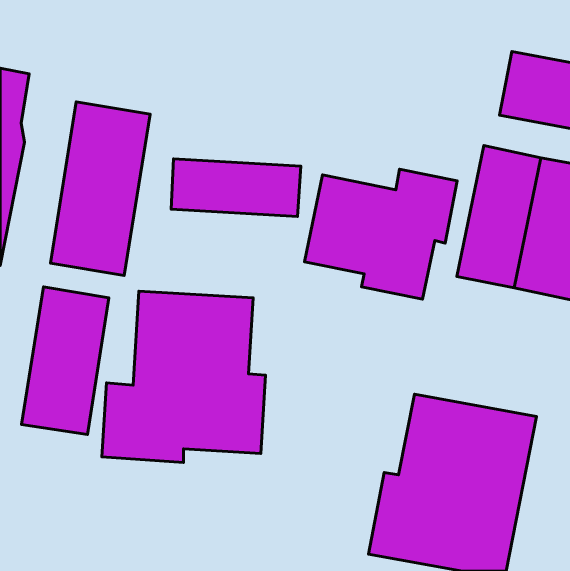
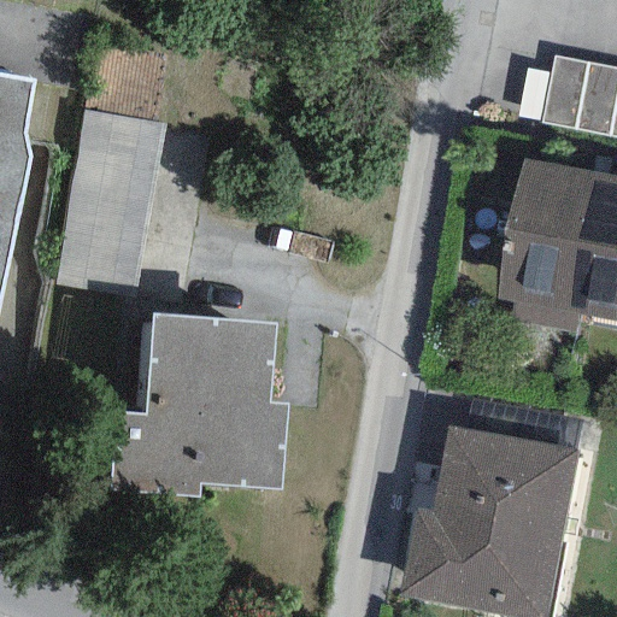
building: [171,159,301,217] -> none
building: [305,169,457,299] -> none
building: [22,287,109,434] -> none

